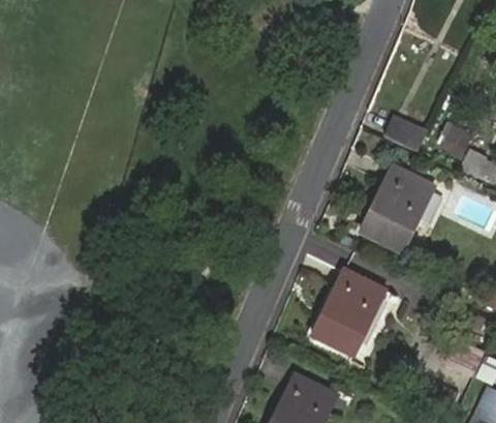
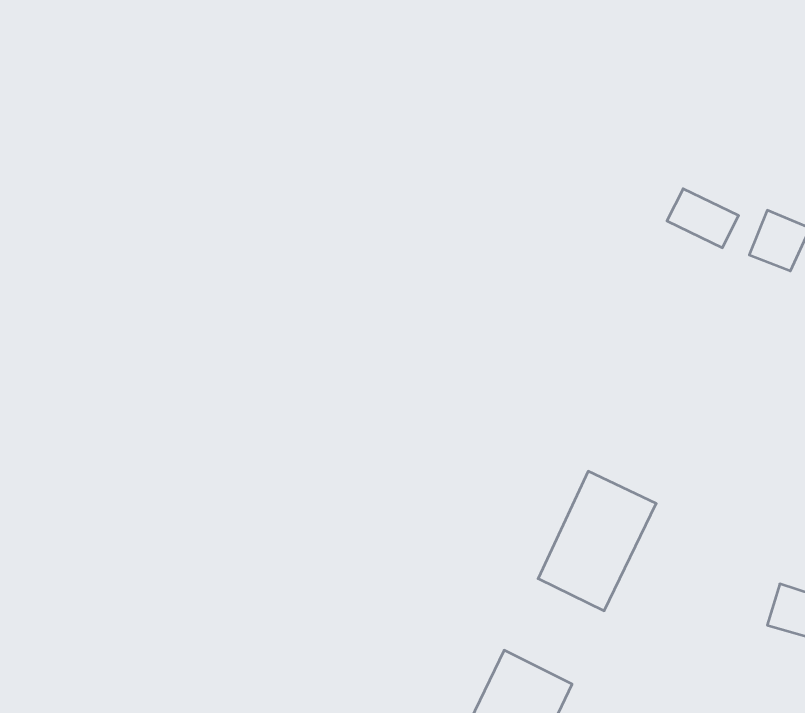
building: [362,171,432,253] -> none

